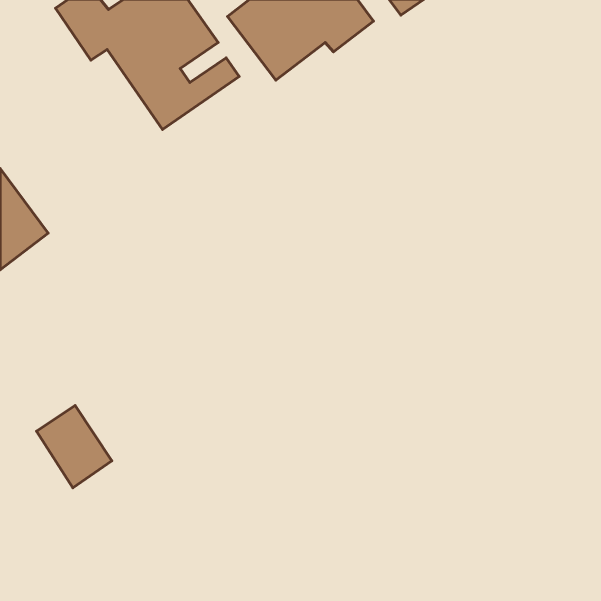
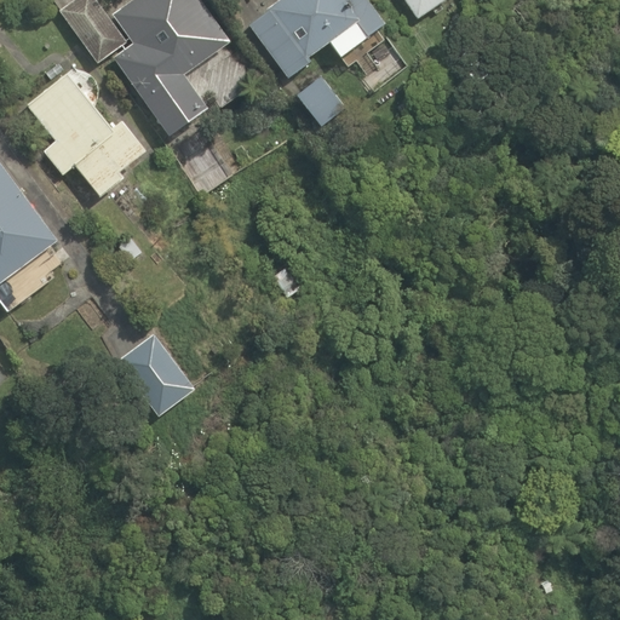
building: none -> [31,76,145,195]
building: [36,405,112,488] -> [120,329,197,414]

